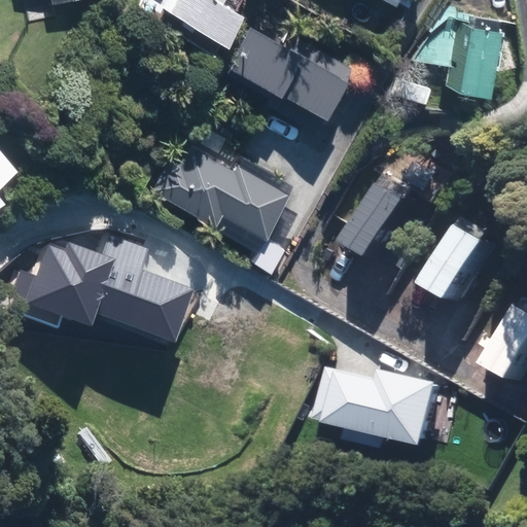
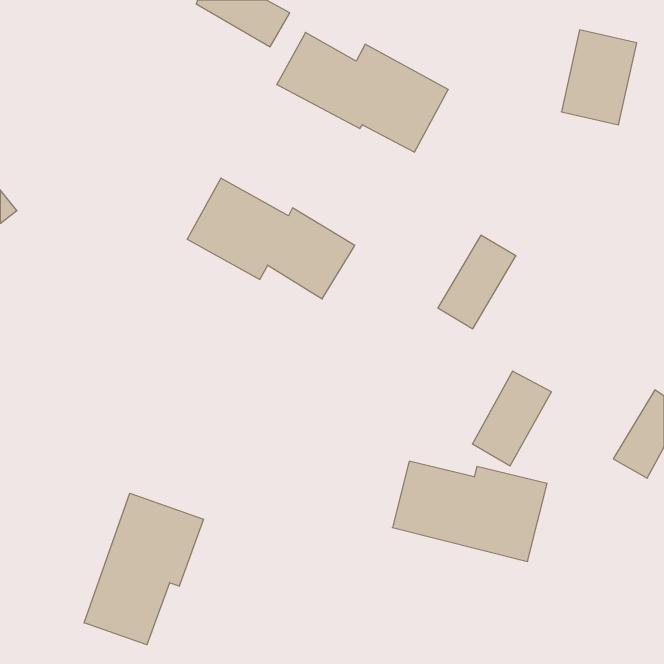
building: [426,226,489,302] -> [472,371,552,466]
building: [9,235,196,342] -> none
building: none -> [84,493,204,645]

